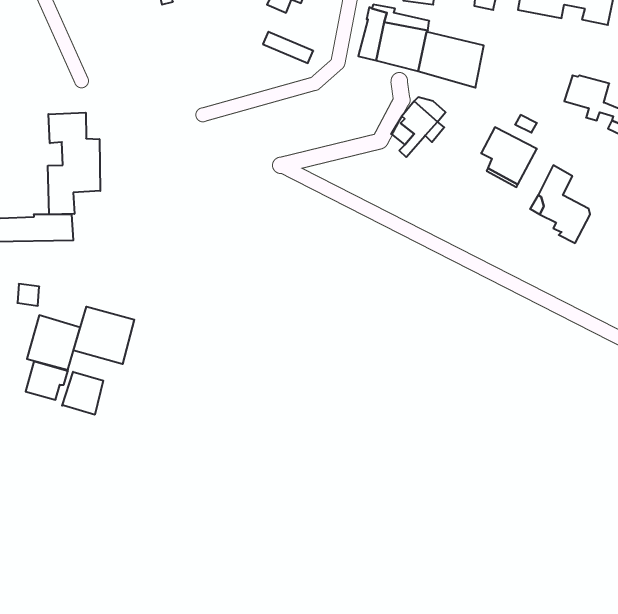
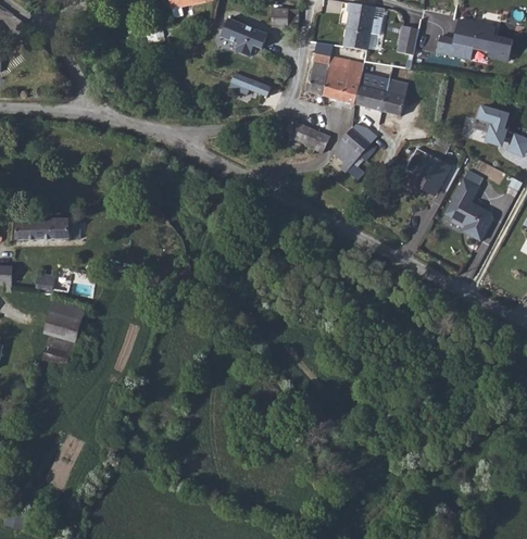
building: none -> [283,121,330,152]
building: [48,113,100,214] -> none
building: [74,307,134,364] -> none
building: [62,372,103,415] -> none

